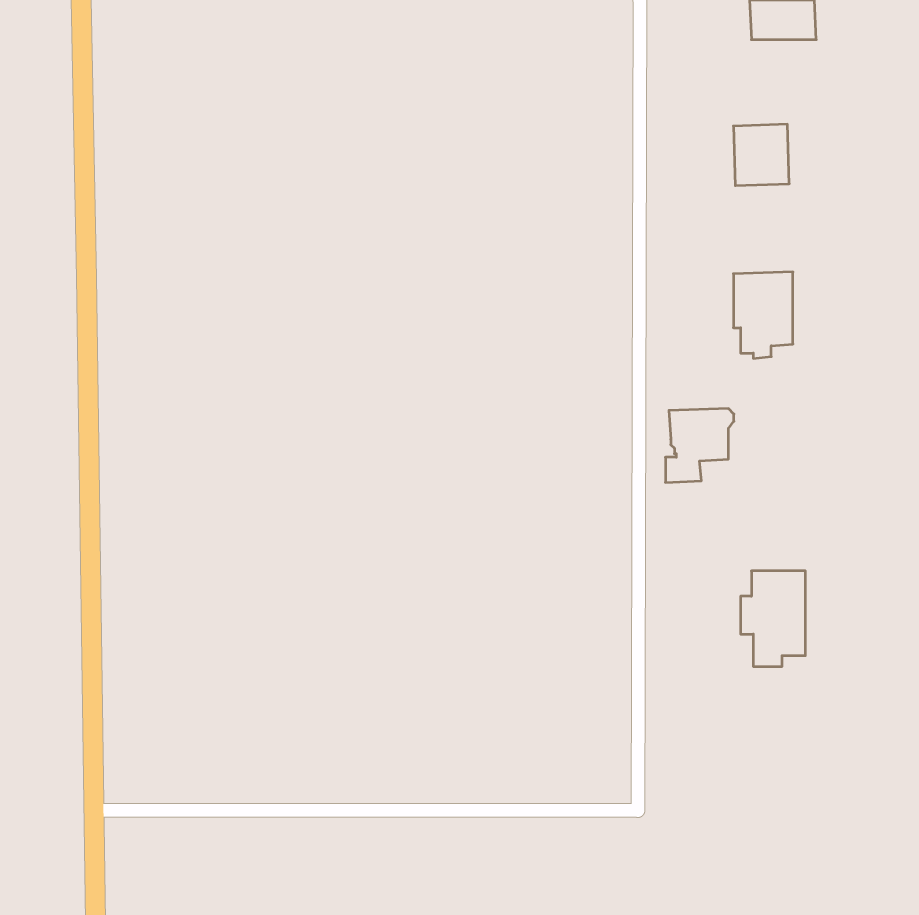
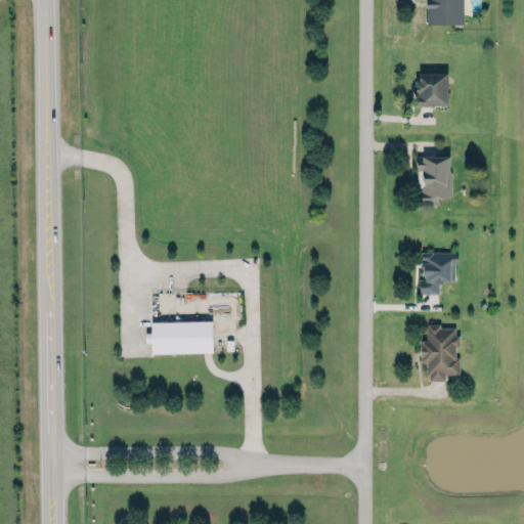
building: [665,409,734,482] -> [420,253,458,295]
building: none -> [144,319,215,351]

